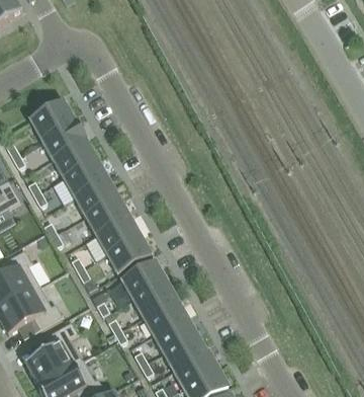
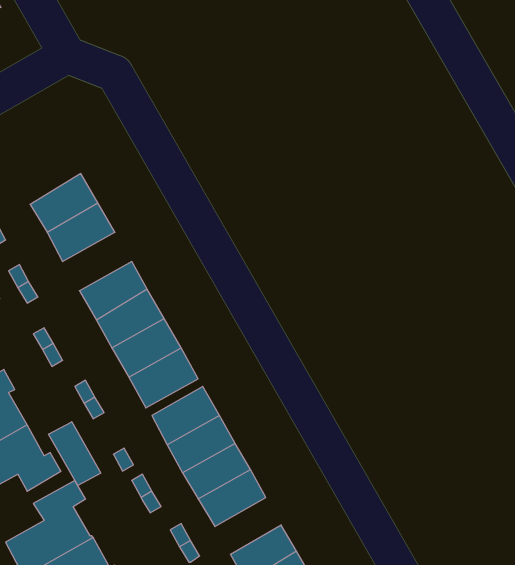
building: [29,99,74,139] -> none
building: [62,157,107,195] -> none
building: none -> [49,422,101,485]
building: [162,331,205,369] -> none

